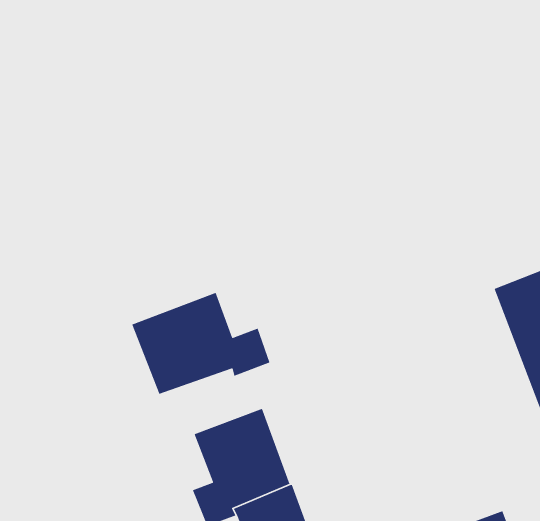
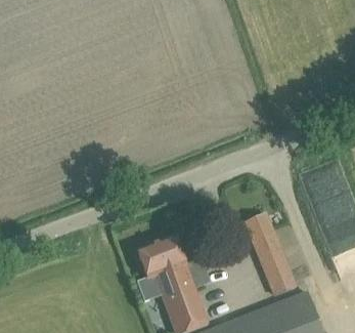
building: [131,292,270,395] -> none
building: none -> [247,211,292,288]

